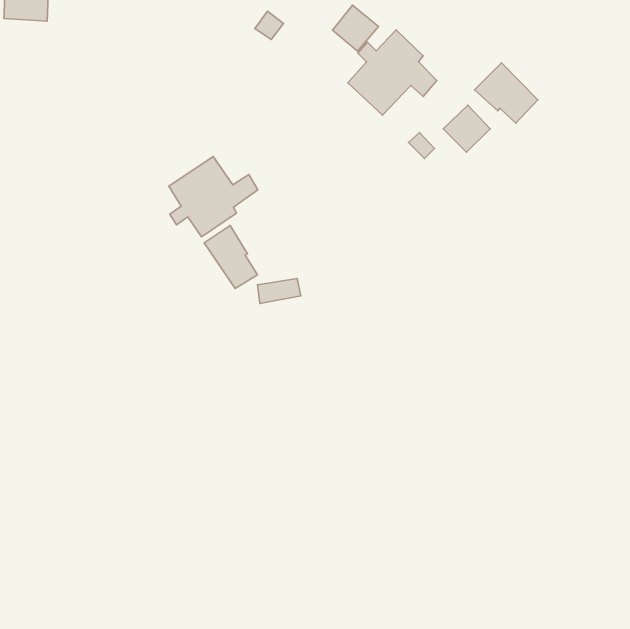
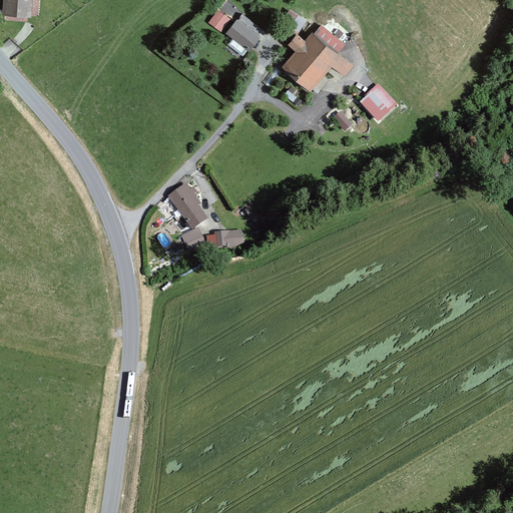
building: [333,5,378,51] -> [226,12,264,49]
building: [474,63,538,123] -> none
building: [169,156,258,237] -> none

